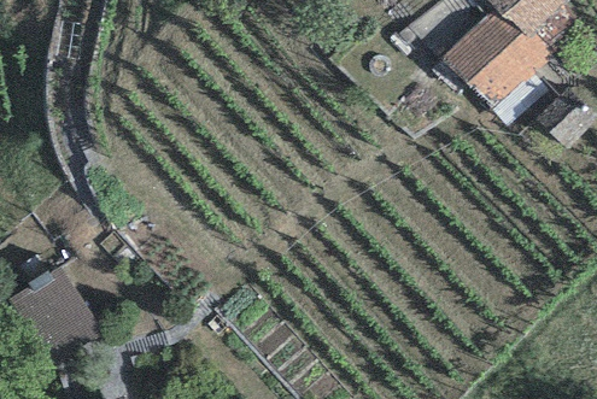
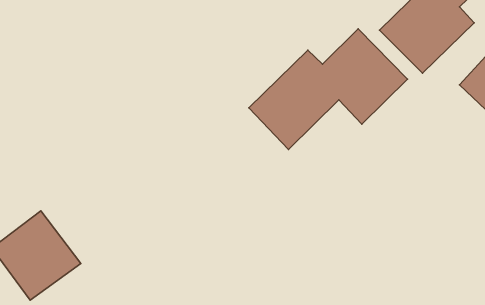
building: none -> [249,29,407,149]

